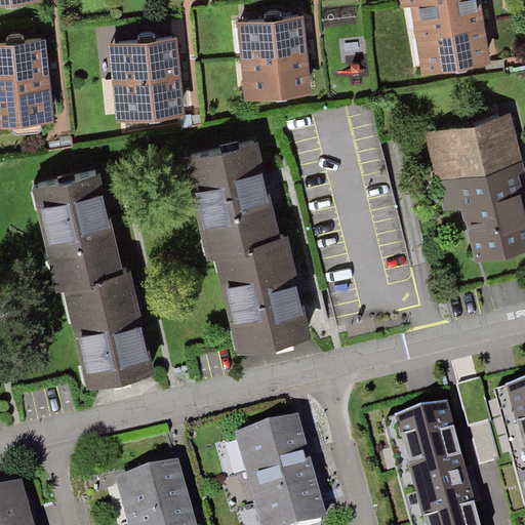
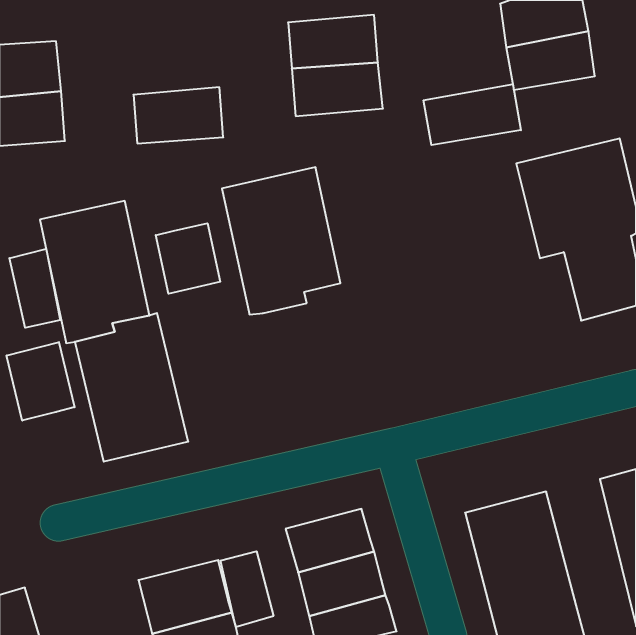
building: [107,33,180,80] -> none
building: none -> [424,84,521,145]
building: none -> [156,223,220,294]
building: none -> [9,249,60,328]
building: [216,234,310,348] -> none
building: none -> [7,342,75,421]
building: none -> [220,551,273,627]

